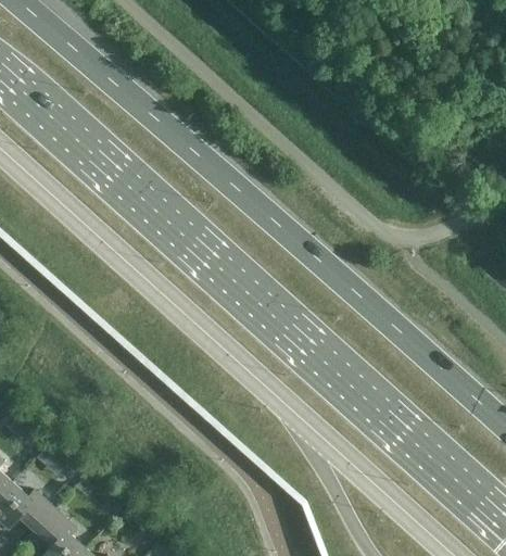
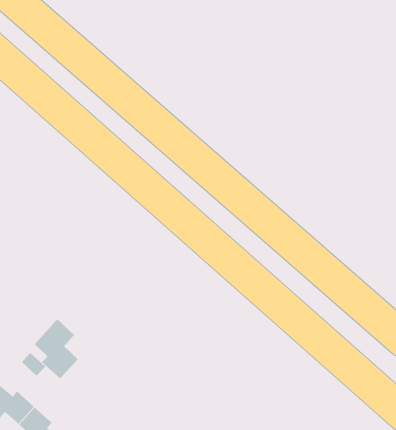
building: none -> [34,318,79,379]

